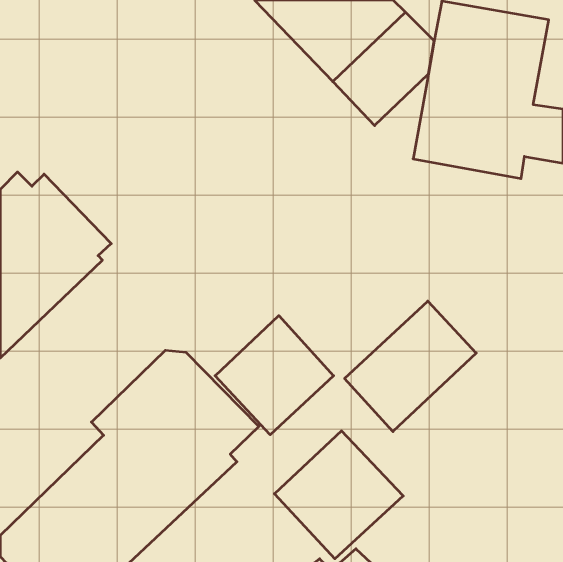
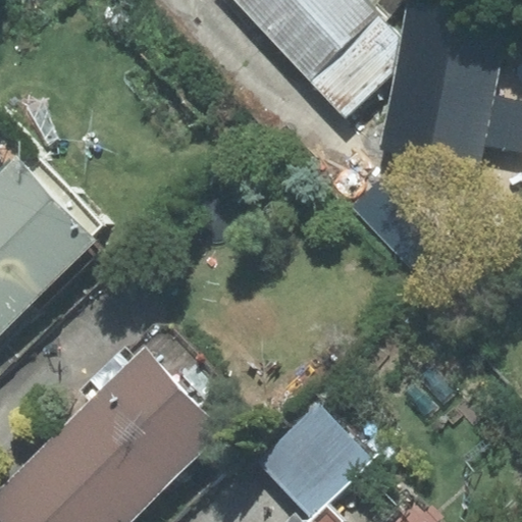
building: [345,301,476,432] -> none
building: [215,316,334,435] -> none

